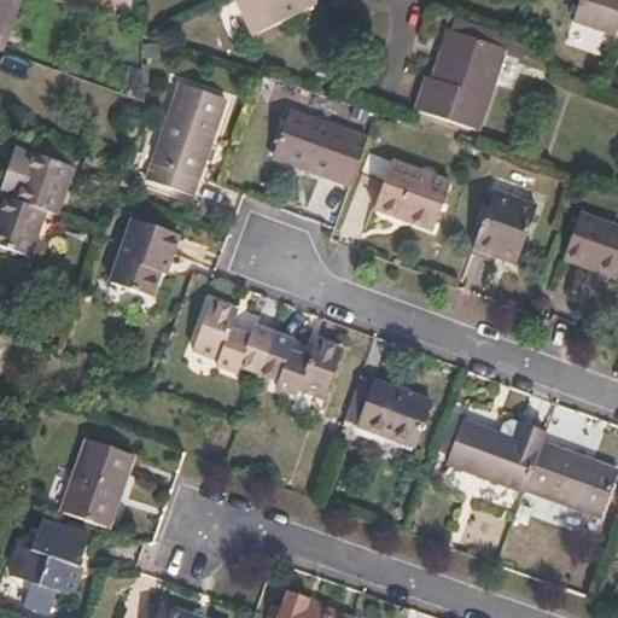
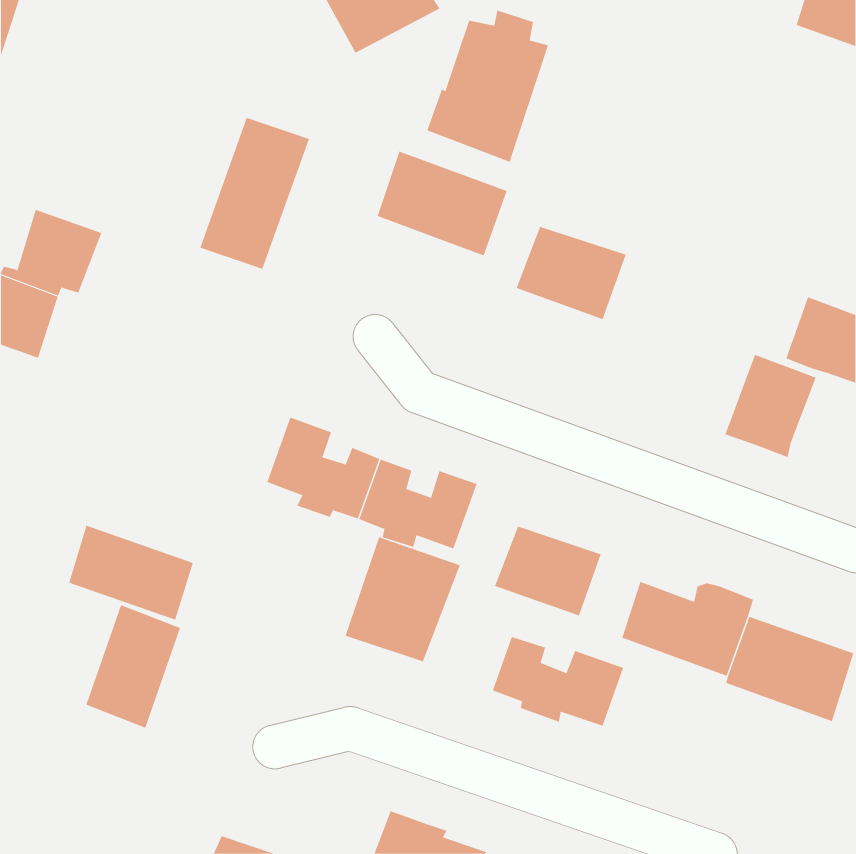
building: [415,21,503,130] -> [427,10,549,162]
building: [471,192,537,267] -> [724,354,817,458]
building: [109,217,179,293] -> none
building: none -> [68,525,193,621]
building: none -> [345,536,460,662]
building: none -> [492,636,624,727]
building: [7,520,86,610] -> none

